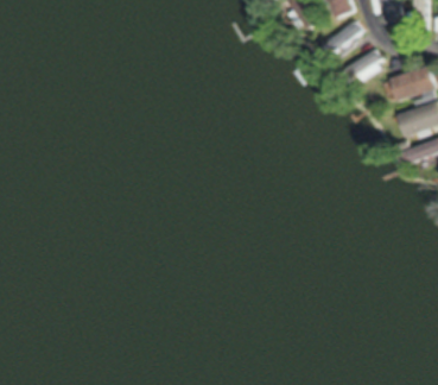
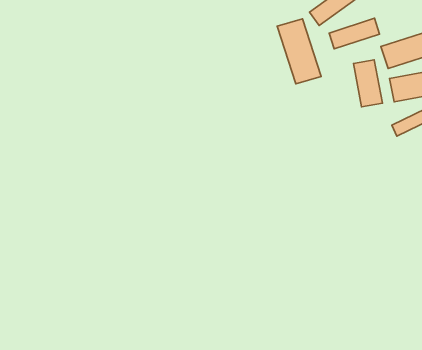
building: none -> [277,19,321,84]
building: none -> [353,60,382,107]

